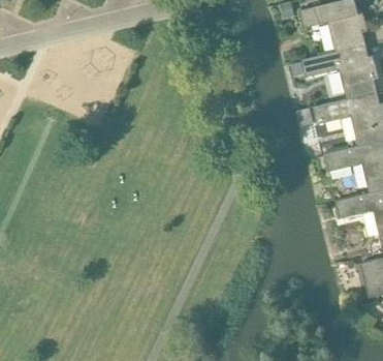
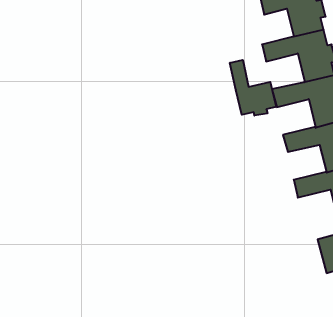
building: none -> [230,60,276,116]

